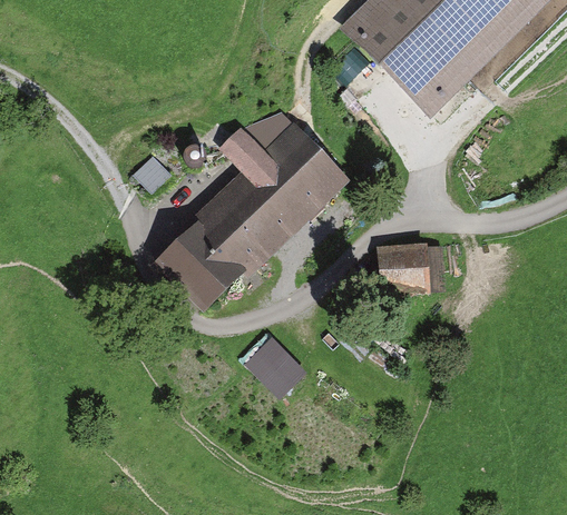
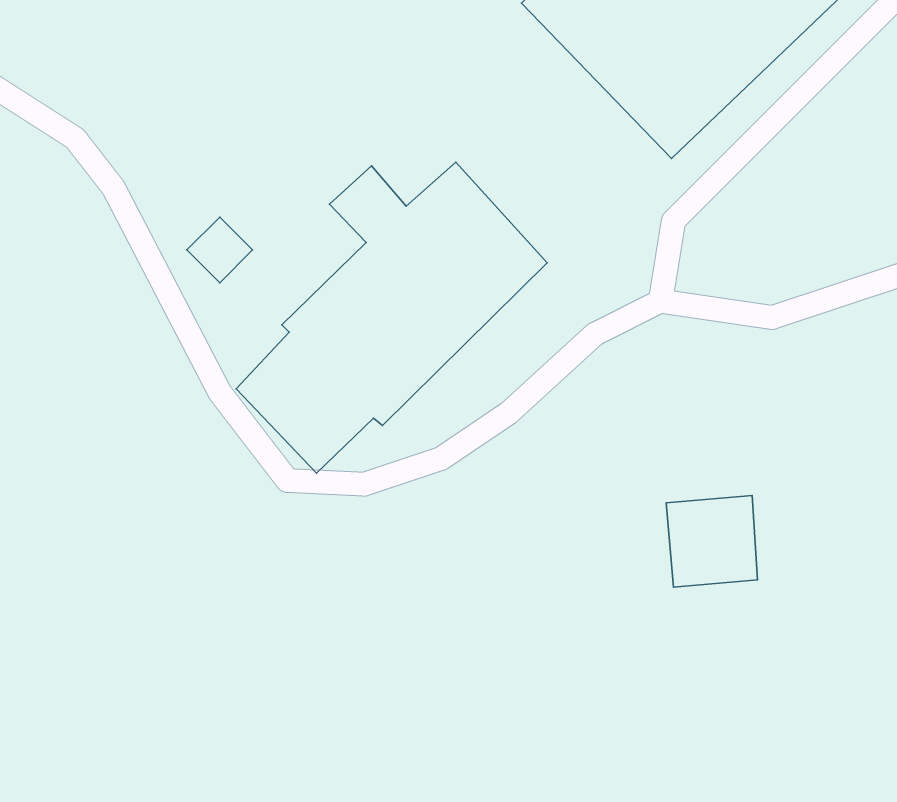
building: [374,240,430,296] -> [666,496,758,587]
building: [244,334,307,397] -> none

